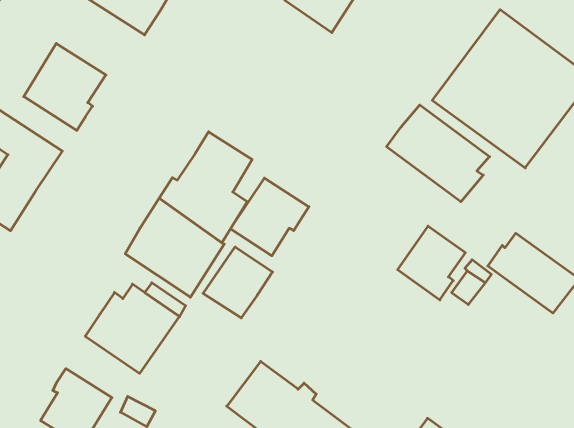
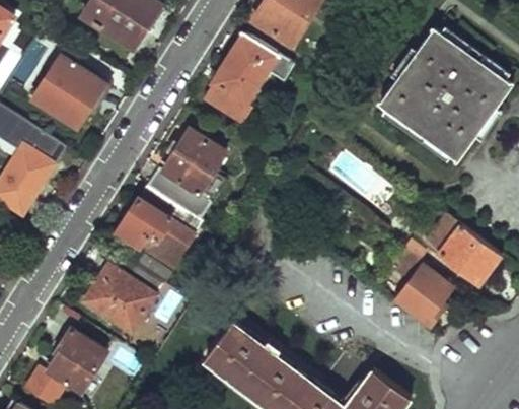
building: none -> [205,32,293,122]
building: [387,105,490,202] -> none
building: [231,178,309,256] -> none
building: [398,226,465,300] -> [396,264,453,326]
building: [203,247,273,318] -> none

